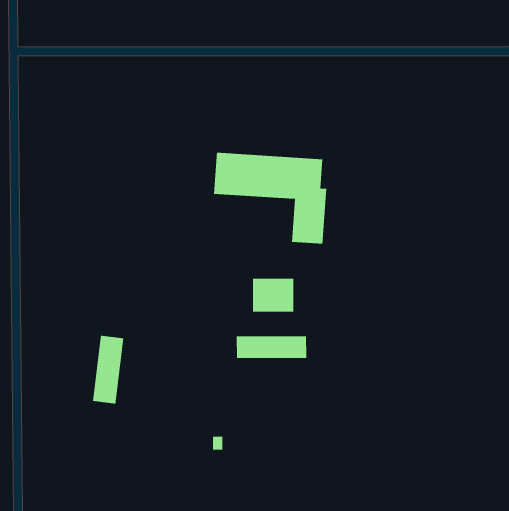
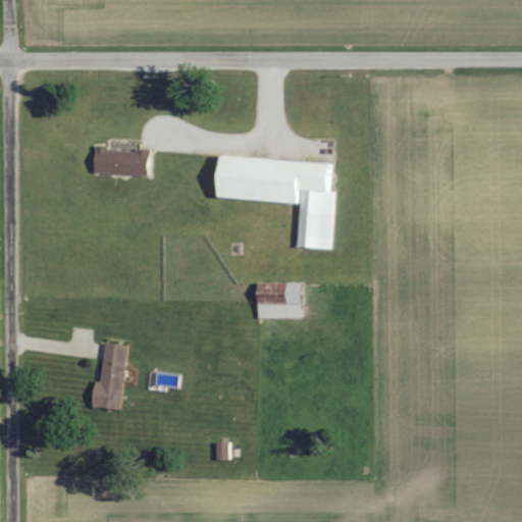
building: none -> [94,147,149,175]
building: [236,336,307,359] -> none

